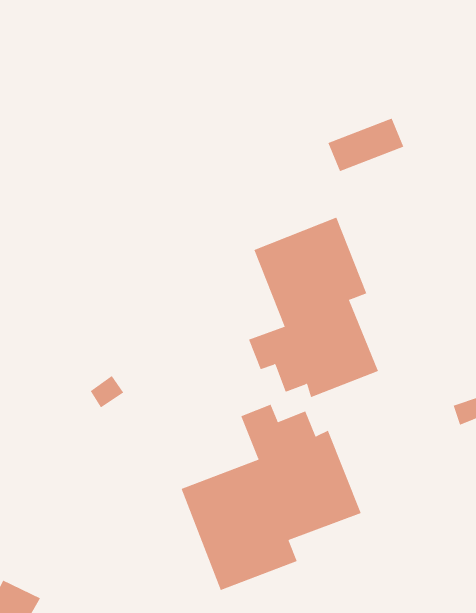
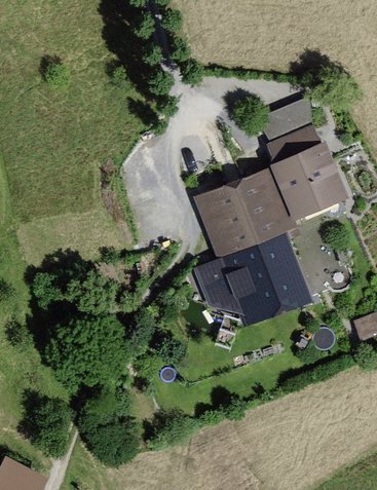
building: none -> [271,129,339,211]
building: [181,404,362,591] -> none

